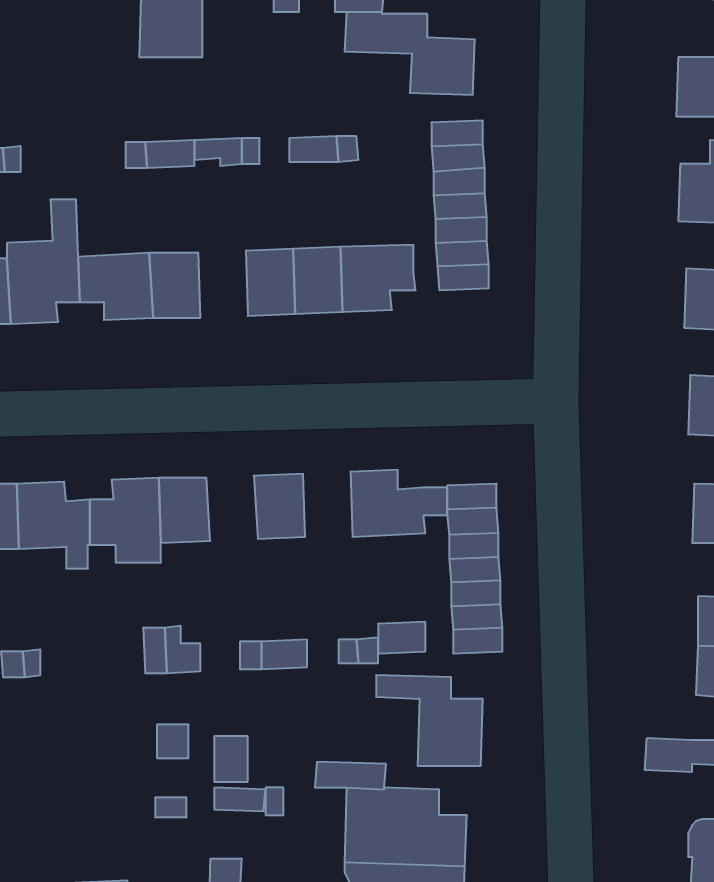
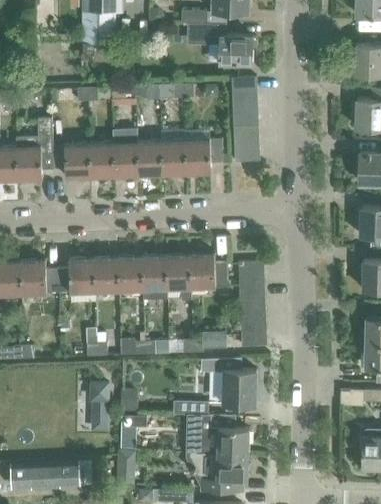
building: none -> [111,129,137,177]
building: none -> [165,255,190,299]
building: none -> [116,257,142,290]

